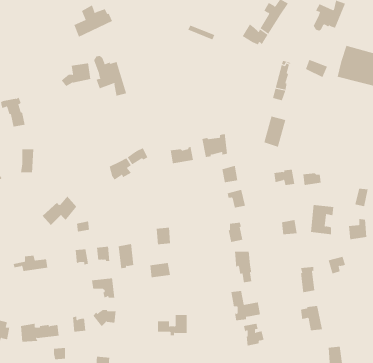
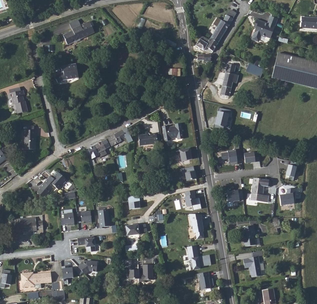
building: [93,55,127,97] -> none

